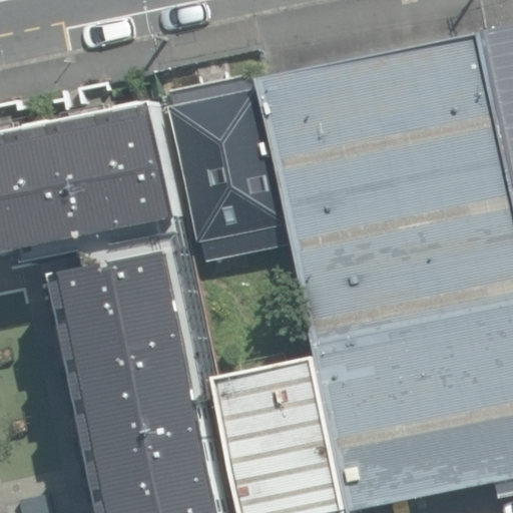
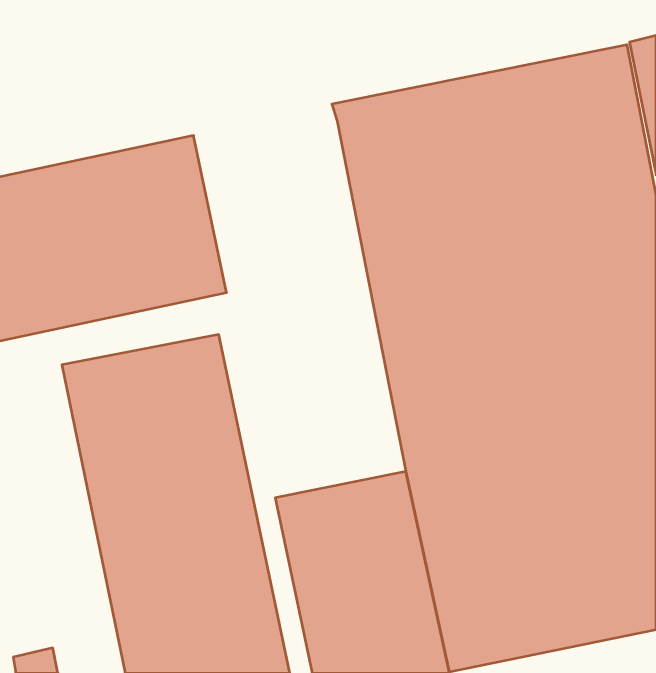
building: [164,78,286,258] -> none

